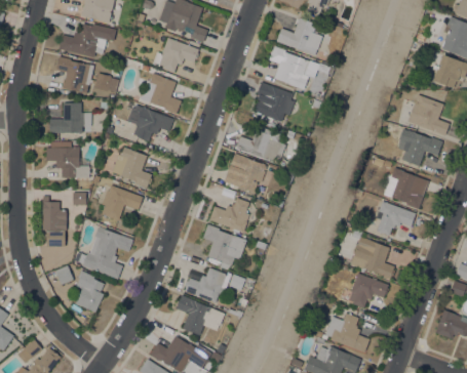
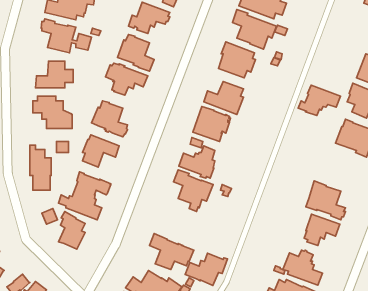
building: [367,202,415,236] -> [298,85,341,116]
building: [184,267,231,303] -> [185,253,228,285]

